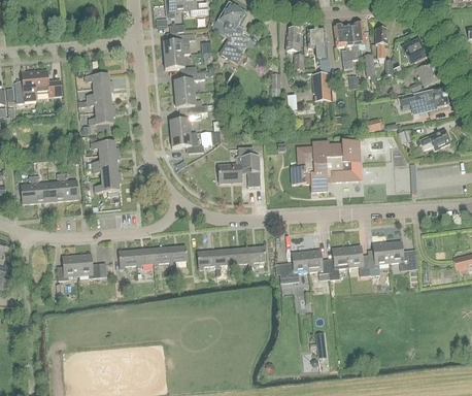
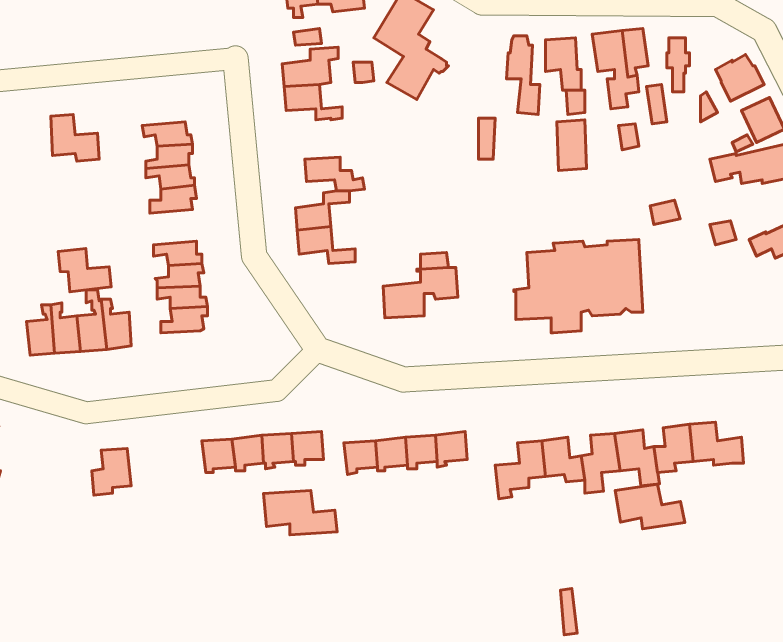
building: [14,71,36,103] -> none
building: [173,72,204,95] -> none
building: none -> [58,249,111,292]
building: [76,254,106,277] -> none
building: none -> [615,484,685,529]
building: none -> [264,490,337,535]

